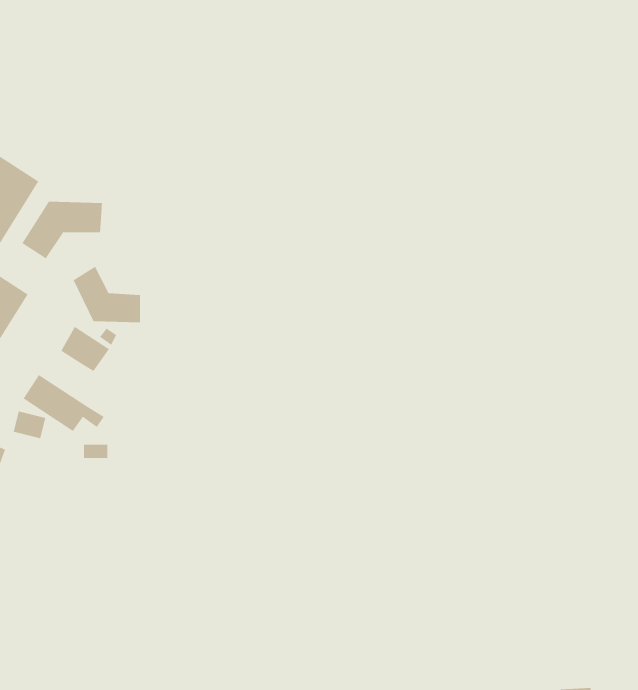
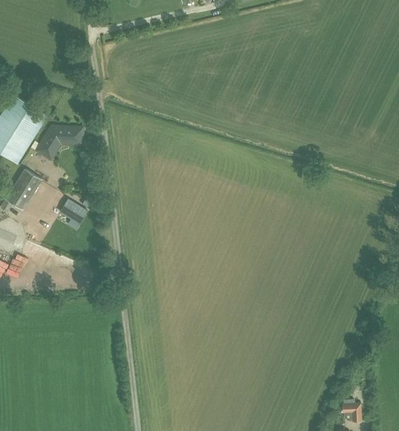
building: [73,266,141,323] -> none
building: [23,374,104,432] -> none

